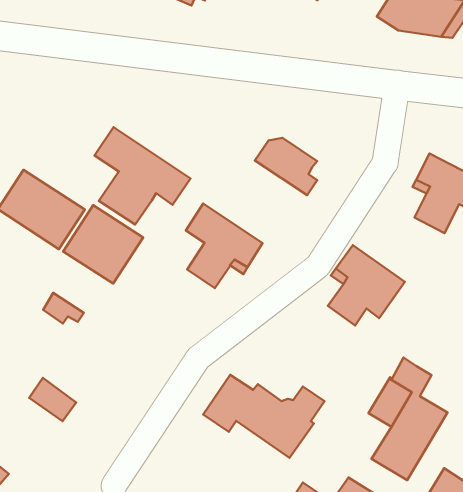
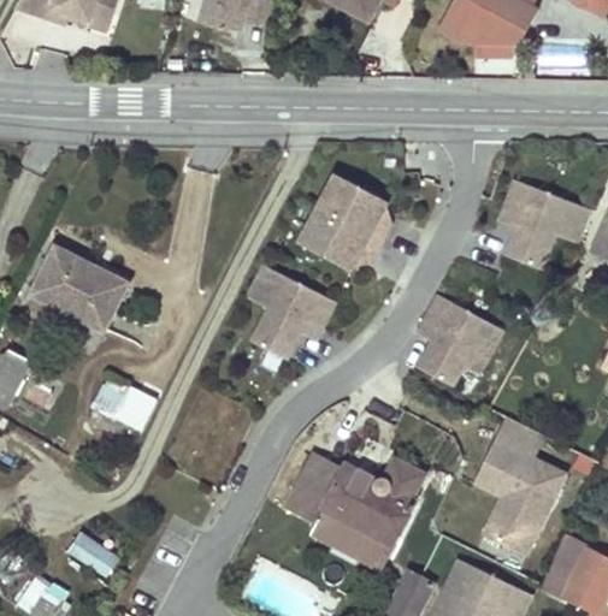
building: [95,127,190,225] -> none
building: none -> [303,207,379,270]
building: [63,205,143,284] -> none
building: [29,378,76,421] -> [66,529,120,576]
building: none -> [309,507,389,567]

